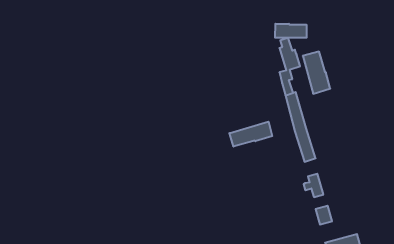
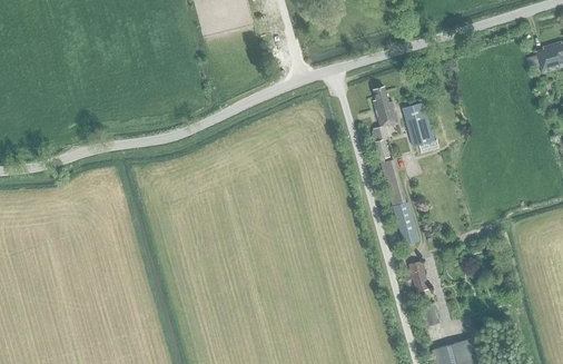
building: [275,24,307,38] -> none
building: [229,122,272,147] -> none

